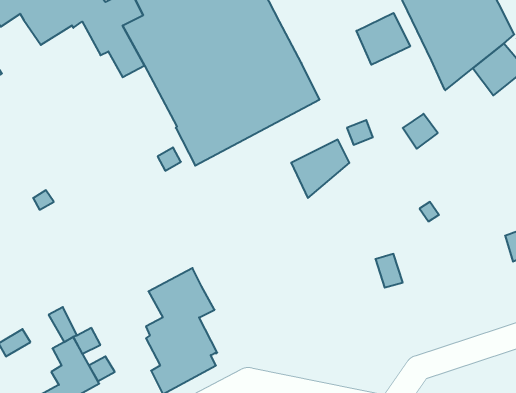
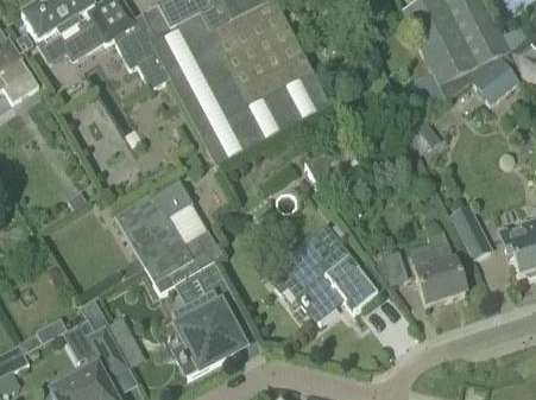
building: [356,13,410,65] -> none
building: none -> [114,179,223,292]
building: none -> [452,203,490,254]
building: none -> [277,226,376,318]
building: none -> [411,229,465,303]

